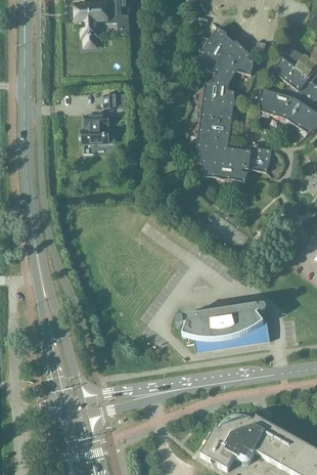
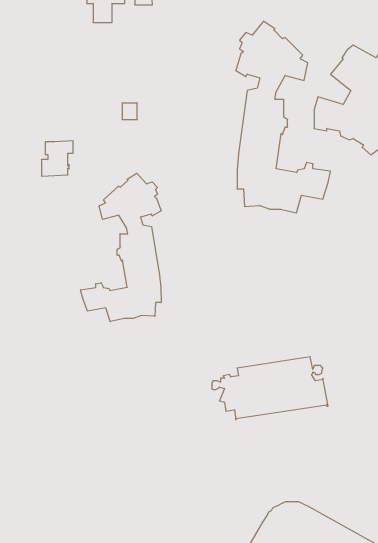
building: [82,114,107,142] -> [41,141,73,176]
building: none -> [81,173,161,322]

